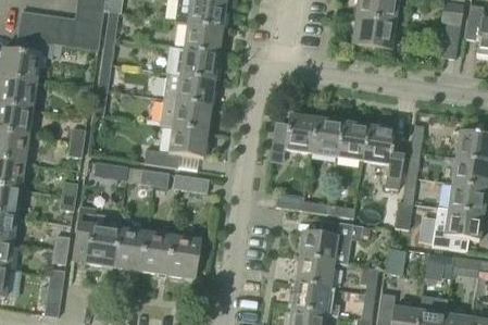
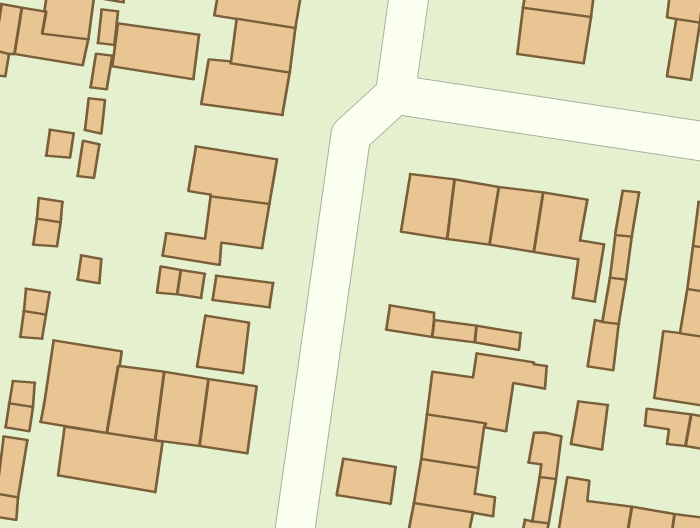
building: [163,73,214,105] -> [112,24,199,79]
building: none -> [197,315,249,373]
building: none -> [58,427,162,492]
building: none -> [337,459,396,504]

